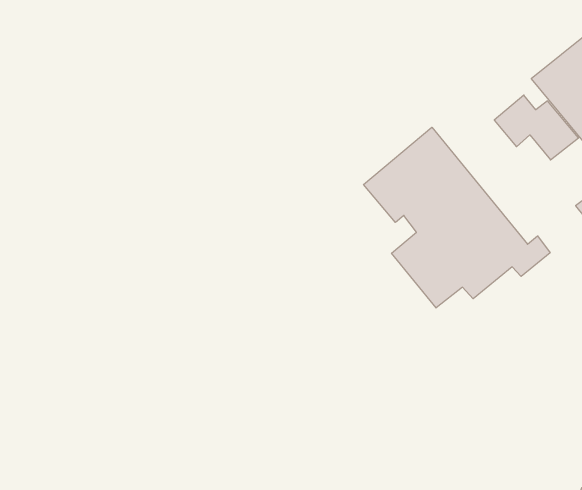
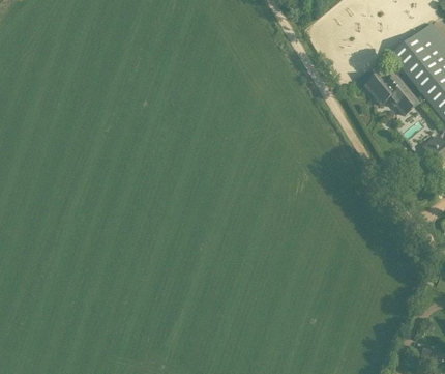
building: [364,127,550,308] -> none

